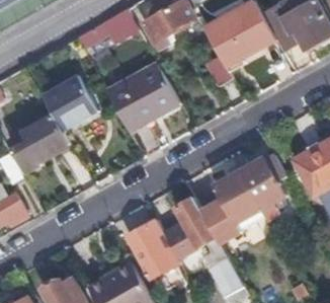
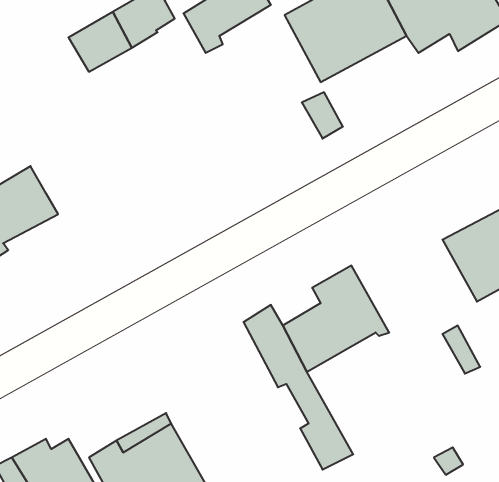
building: [102,58,179,128] -> none
building: [43,77,98,132] -> none
building: [241,154,285,214] -> none
building: [132,225,183,283] -> none

